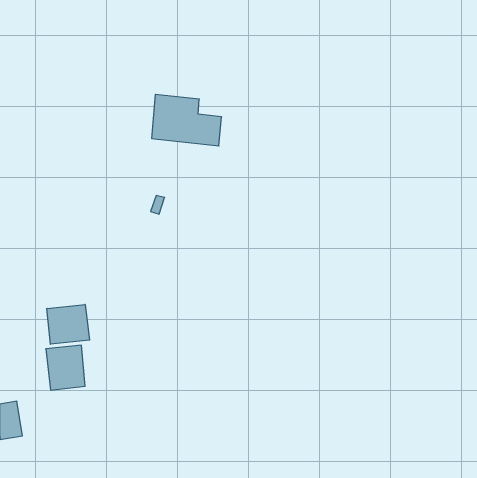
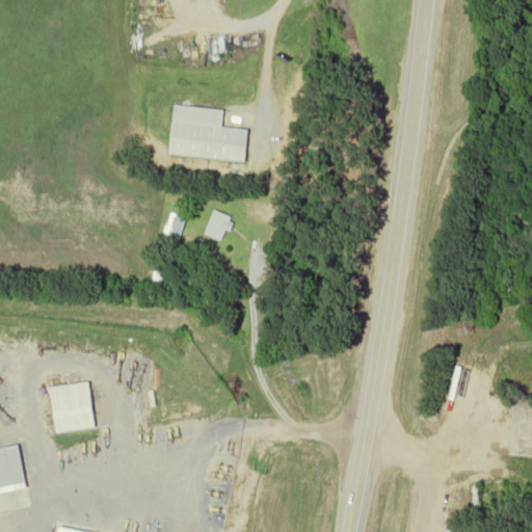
building: none -> [203,210,232,242]
building: [47,304,90,344] -> none

